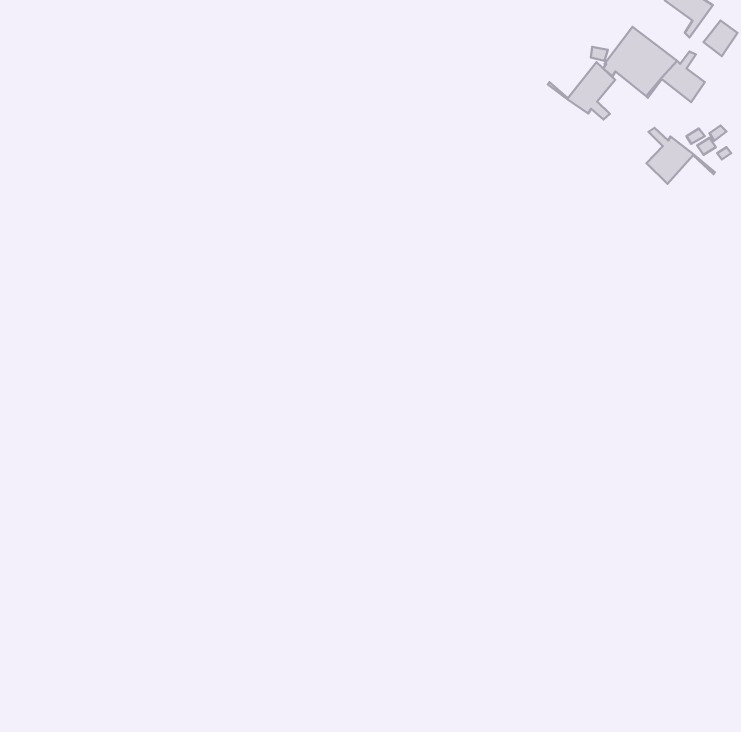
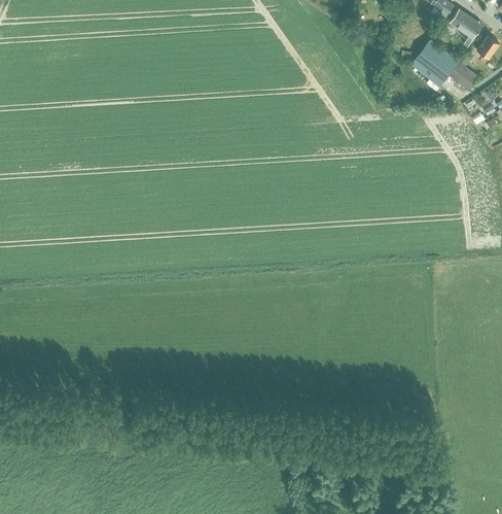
building: [548,62,615,119] -> none
building: [647,128,715,184] -> none

